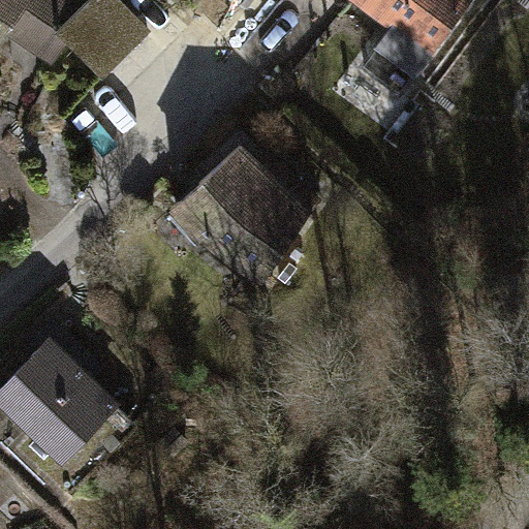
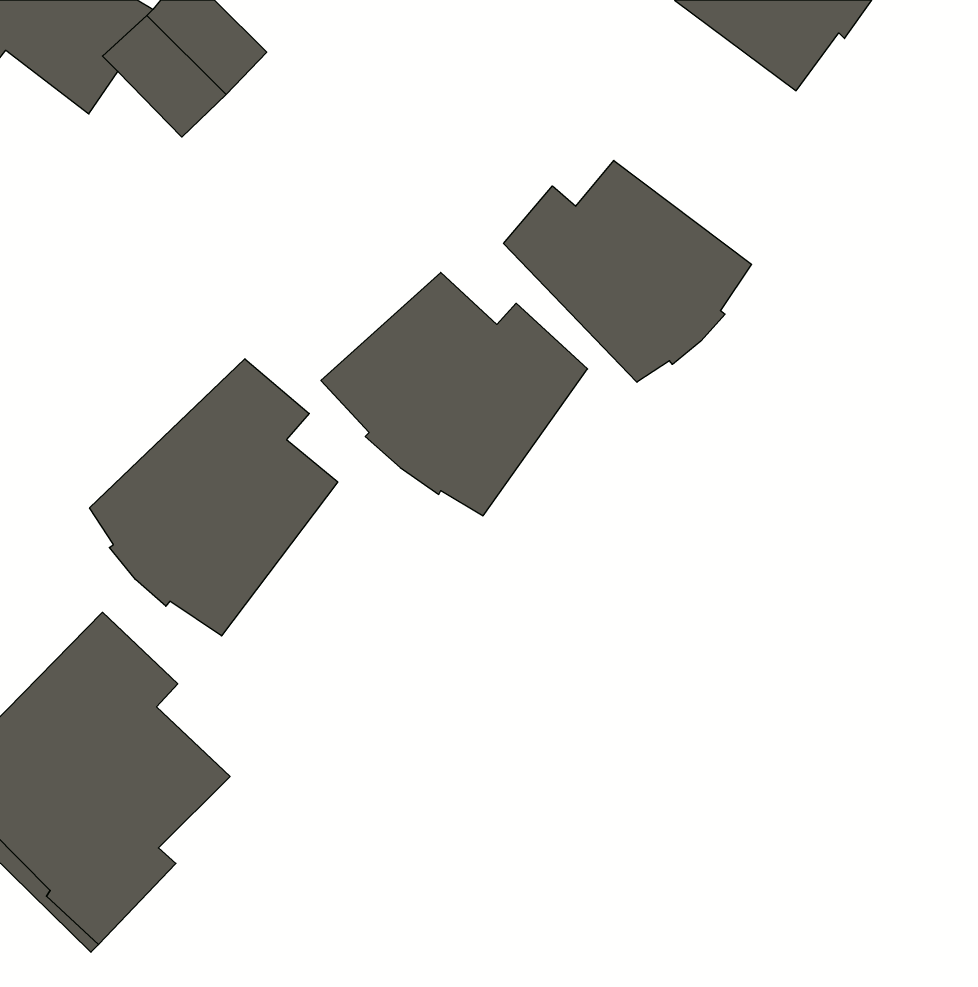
building: none -> [504,160,752,382]
building: none -> [90,359,338,636]

